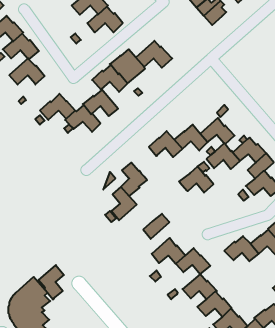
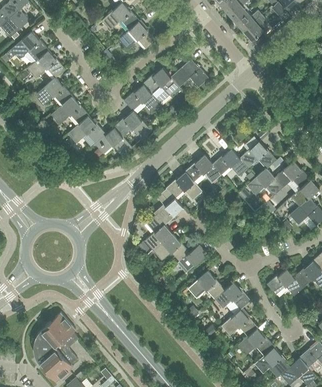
building: none -> [51,96,89,124]
building: [179,167,213,193] -> [164,172,201,200]
building: none -> [152,234,188,261]
building: [39,265,64,300] -> none

